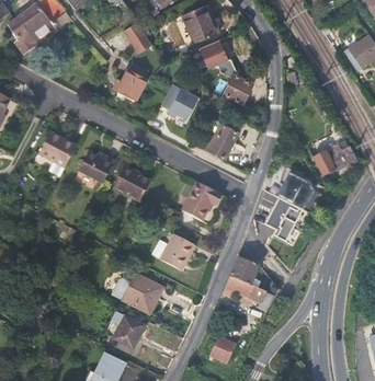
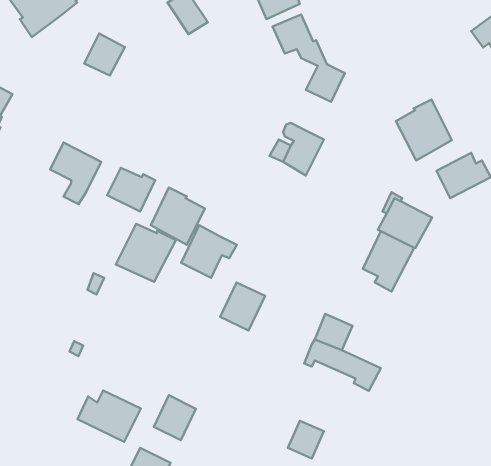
building: [116,69,146,100] -> [84,34,125,76]
building: [161,82,198,117] -> none
building: none -> [396,99,452,160]
building: [182,181,223,219] -> [181,225,237,278]
building: none -> [116,224,176,282]
building: [115,275,161,312] -> [78,391,141,442]

